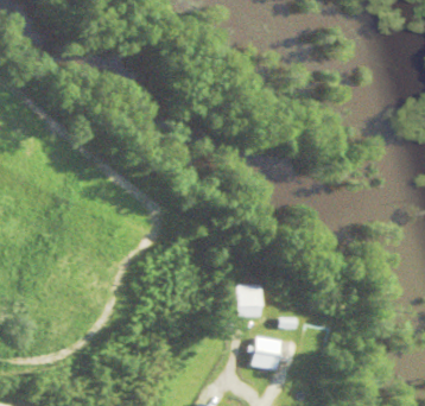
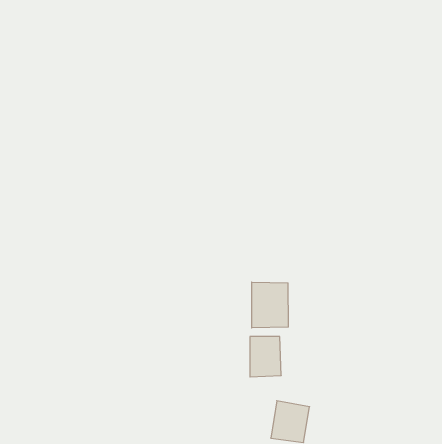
building: none -> [252,282,288,328]

